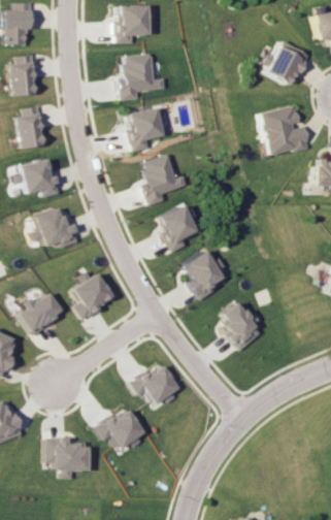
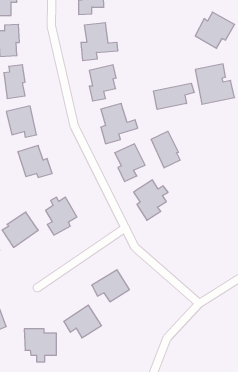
building: none -> [154,83,194,109]
building: none -> [151,131,180,168]
building: [221,301,262,352] -> none

